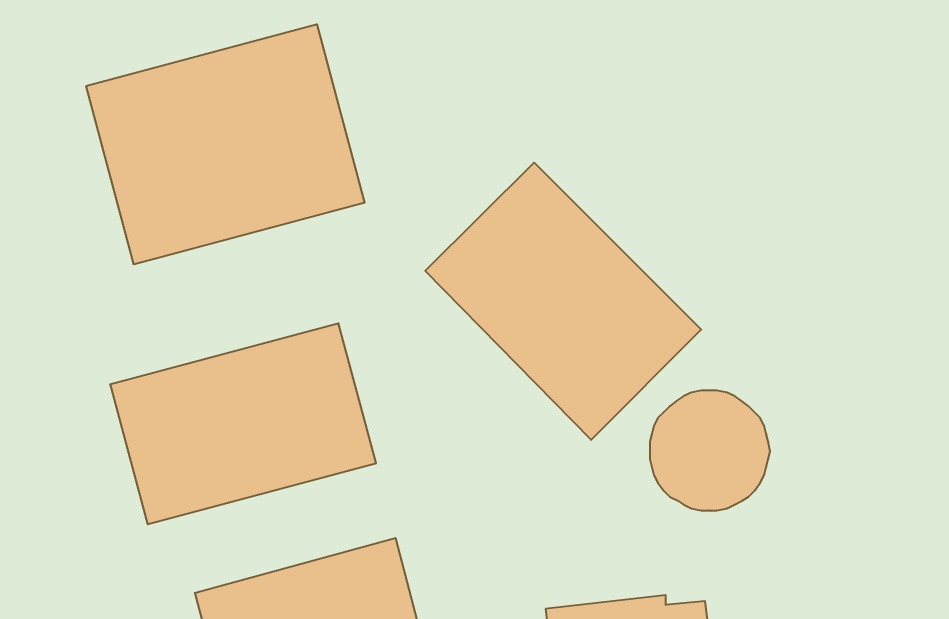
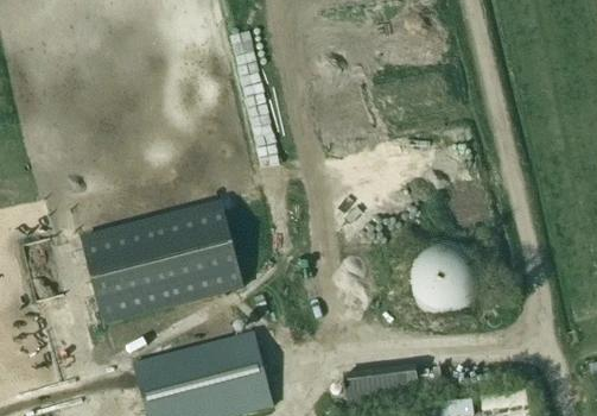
building: [86,24,365,264] -> none
building: [425,163,701,440] -> none

